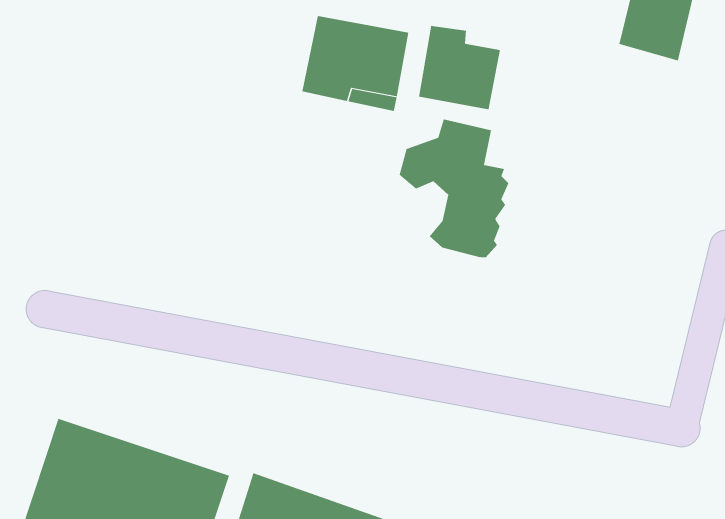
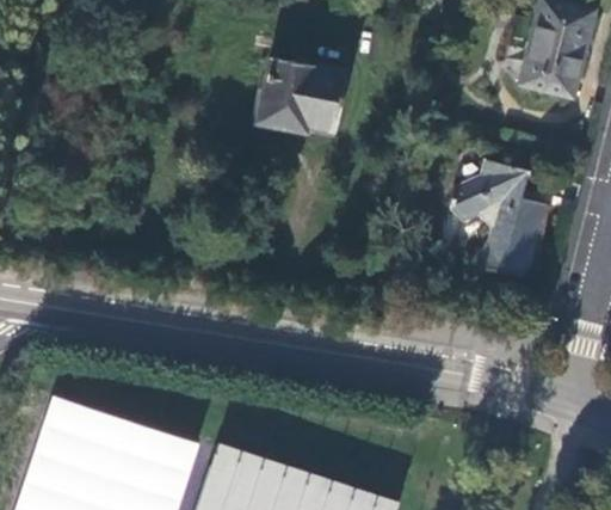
building: [419,25,501,110] -> none
building: [399,119,509,258] -> [450,161,542,277]

